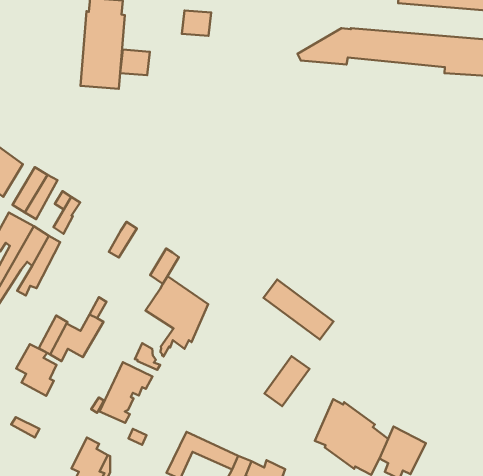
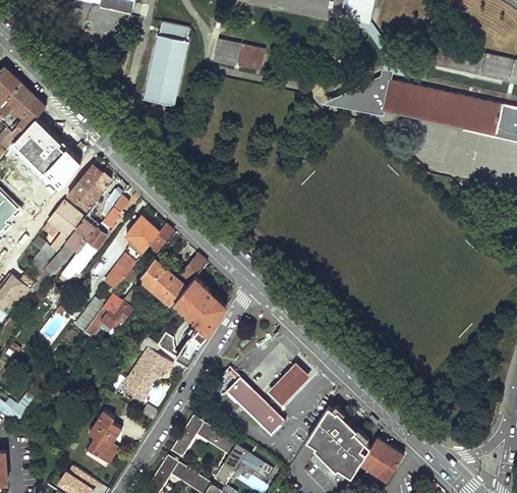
building: [120,50,150,75] -> [213,40,241,65]
building: none -> [123,216,160,253]
building: none -> [103,255,135,291]
building: none -> [137,260,187,308]
building: [263,280,334,340] -> [226,378,285,436]
building: none -> [175,334,203,367]
building: [16,344,57,396] -> none

